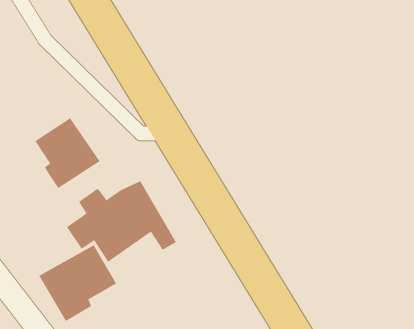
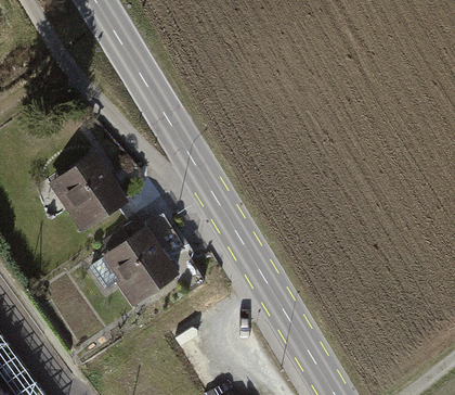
building: [39,244,117,322] -> none

